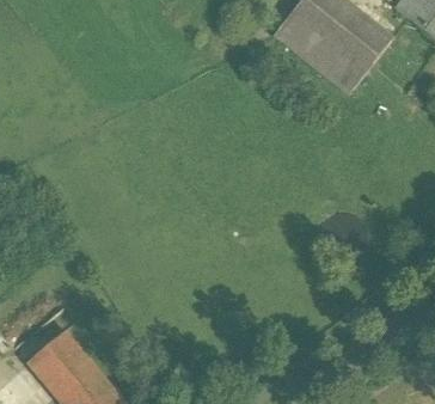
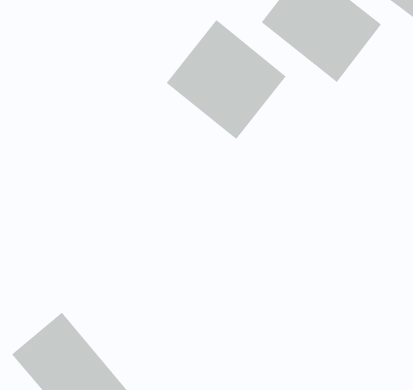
building: none -> [166,19,287,140]

